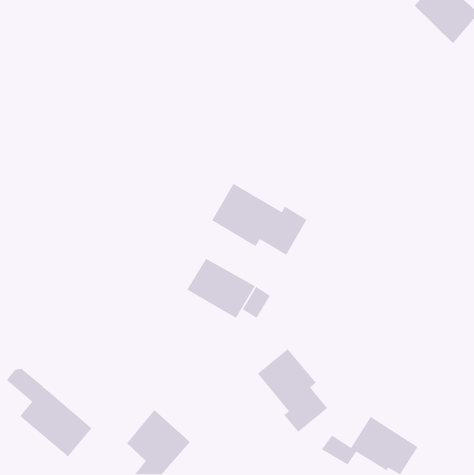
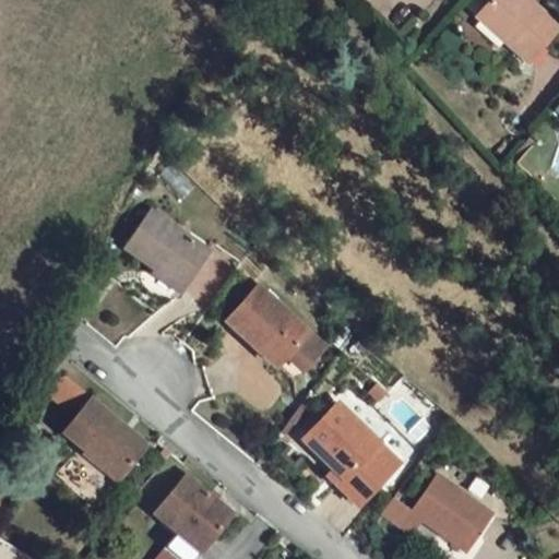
building: none -> [128,206,210,282]
building: [211,183,308,256] -> none
building: [6,368,92,457] -> [46,372,146,476]

